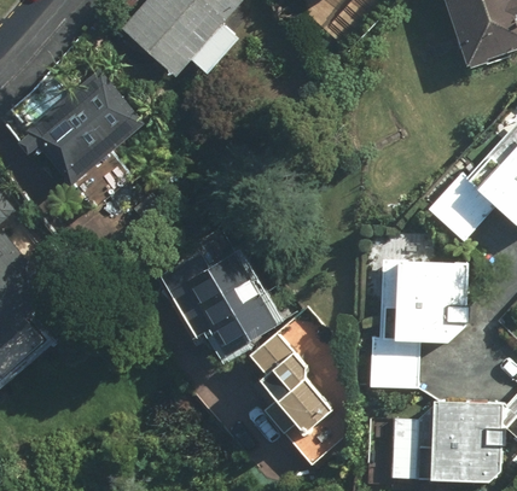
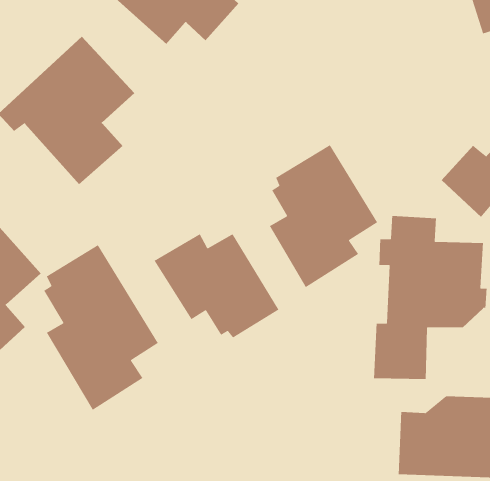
building: none -> [269,144,378,288]
building: none -> [43,244,159,411]
building: [248,328,356,466] -> none

